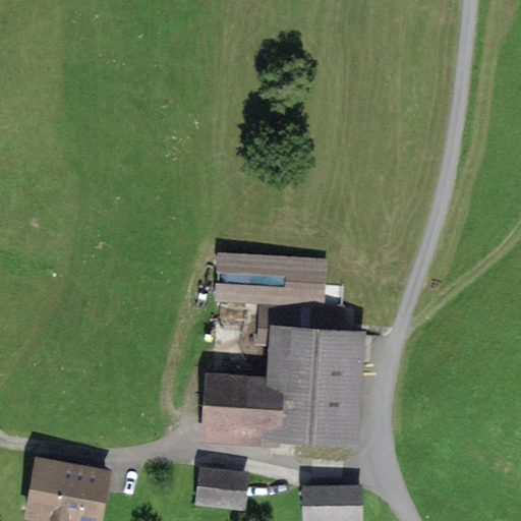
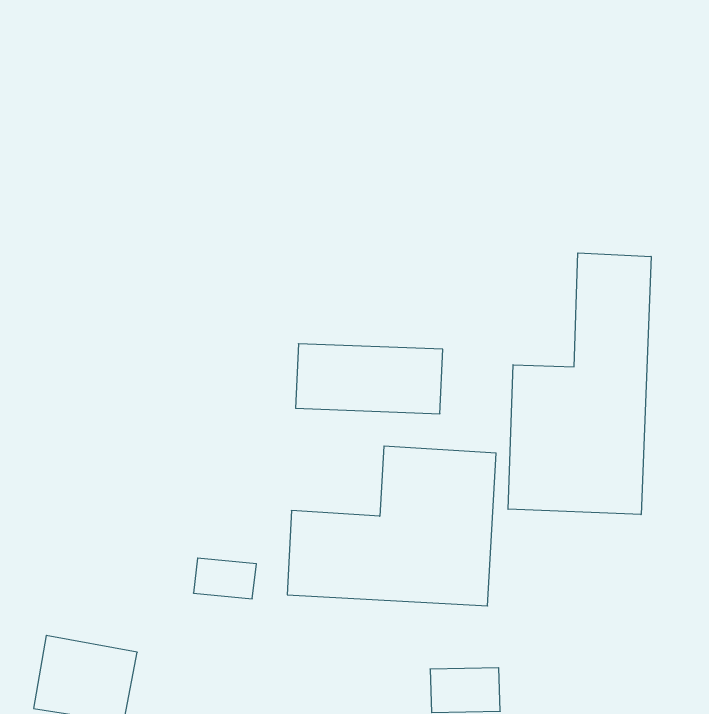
building: none -> [508,253,651,515]
building: [194,475,240,505] -> [193,558,256,599]

